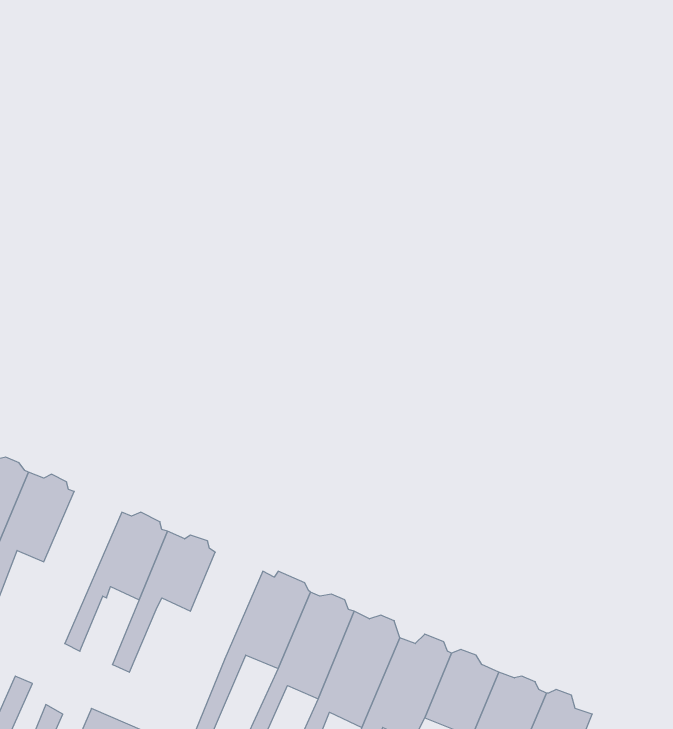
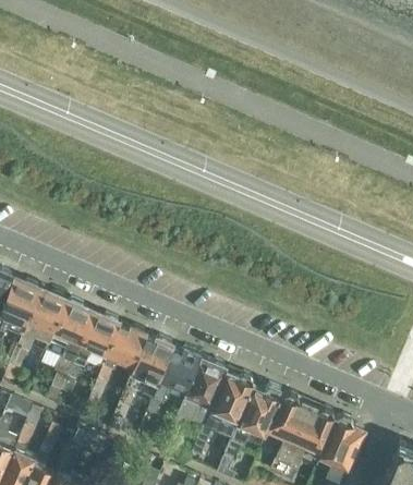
building: none -> [47,301,94,390]
building: none -> [109,338,174,432]

